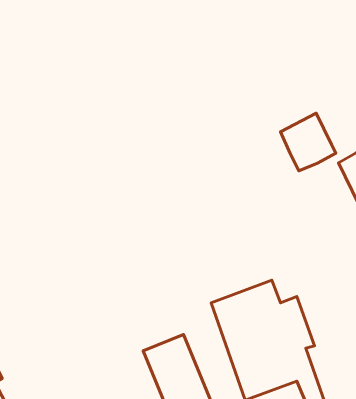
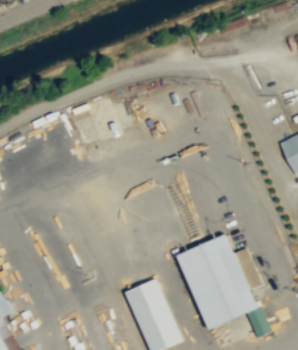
building: [280,113,336,171] -> none

